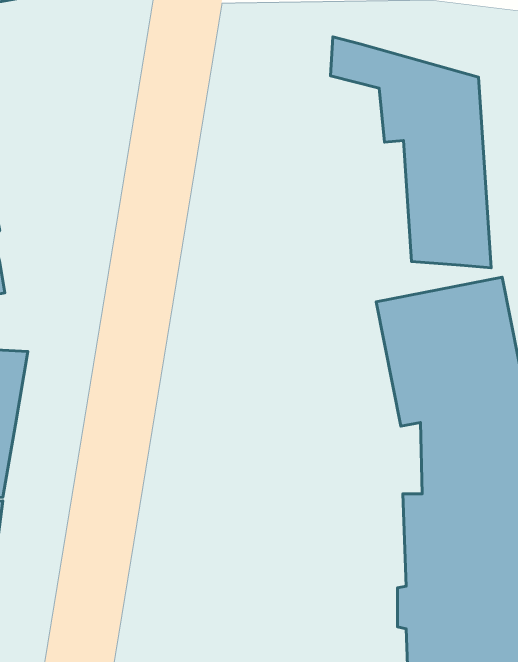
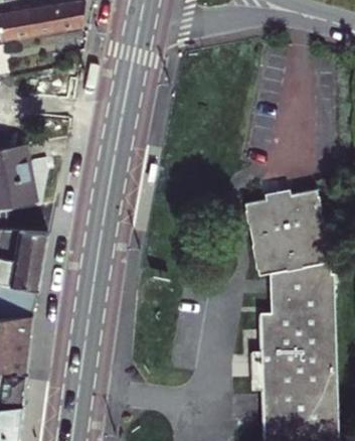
building: [331,37,491,268] -> none

